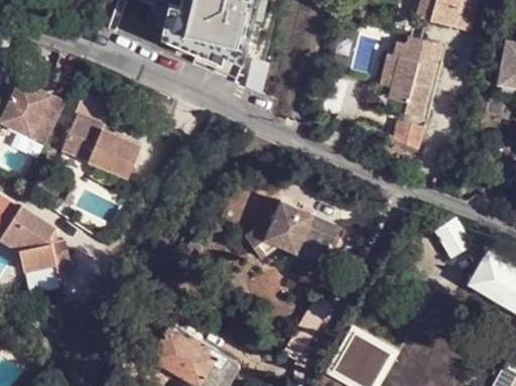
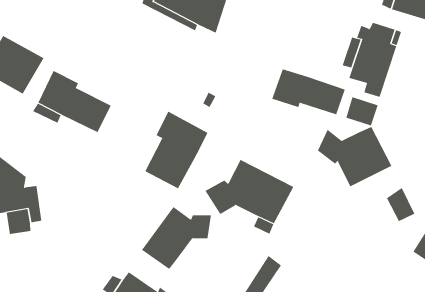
building: none -> [272,68,346,115]
building: none -> [145,111,208,189]
building: none -> [317,126,392,187]
building: none -> [141,206,212,270]

